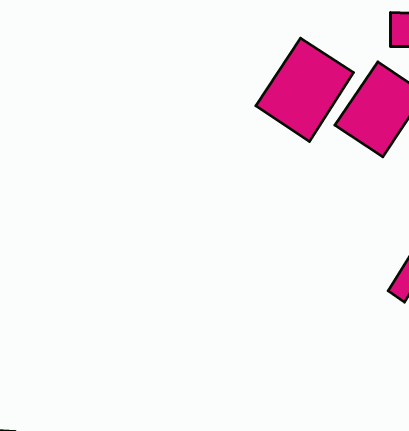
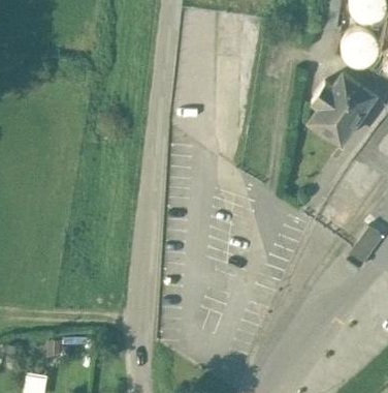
building: [256,38,353,141] -> none

